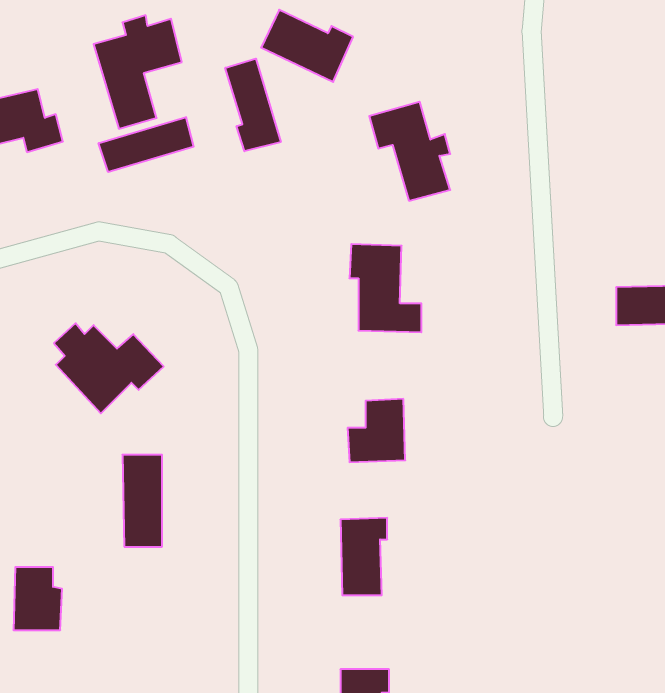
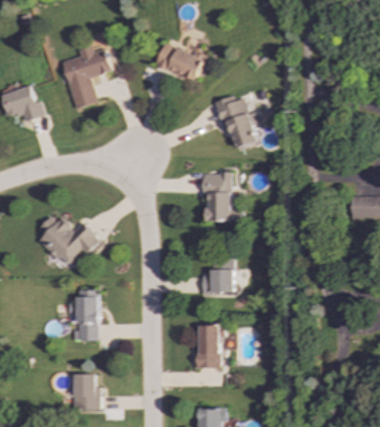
building: [225,59,281,151] -> none
building: [99,117,194,172] -> none
building: [13,567,62,630] -> [73,374,100,409]

